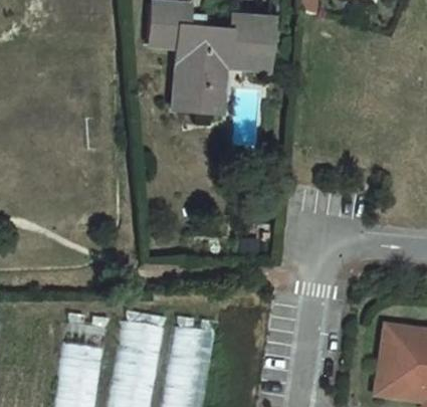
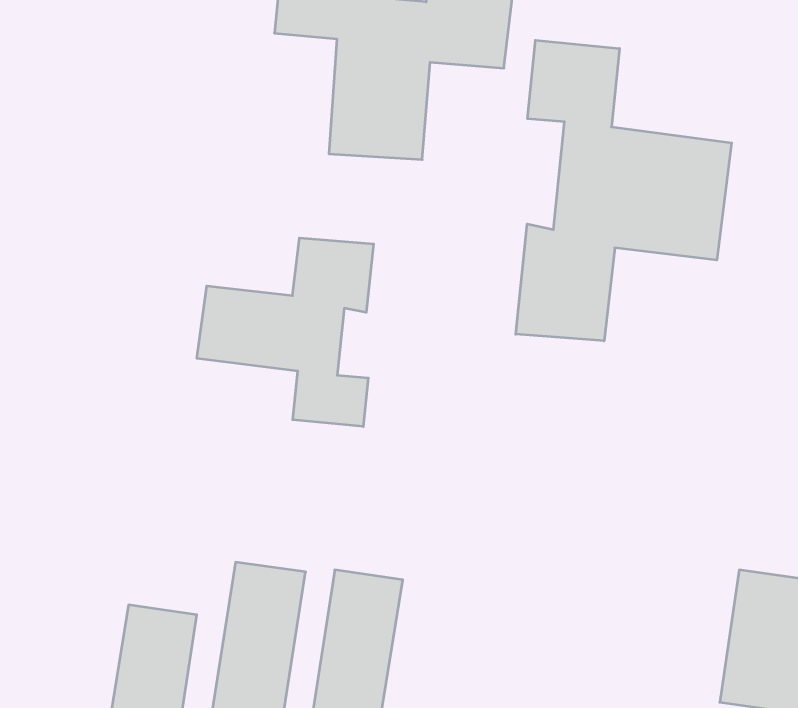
building: none -> [516,40,732,341]
building: none -> [197,238,374,427]

